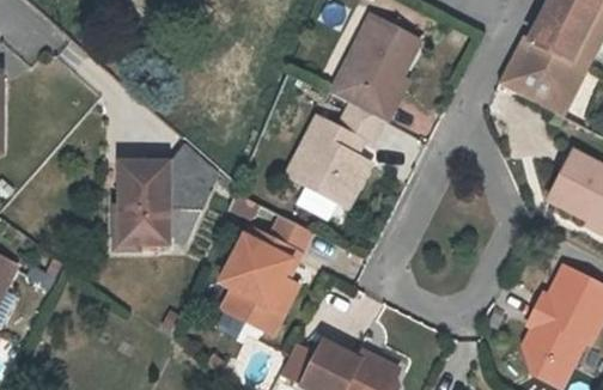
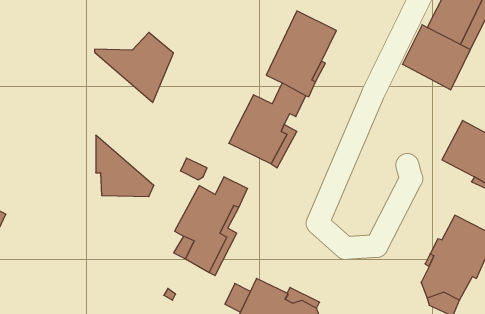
building: [127,144,223,228] -> [95,32,173,103]

